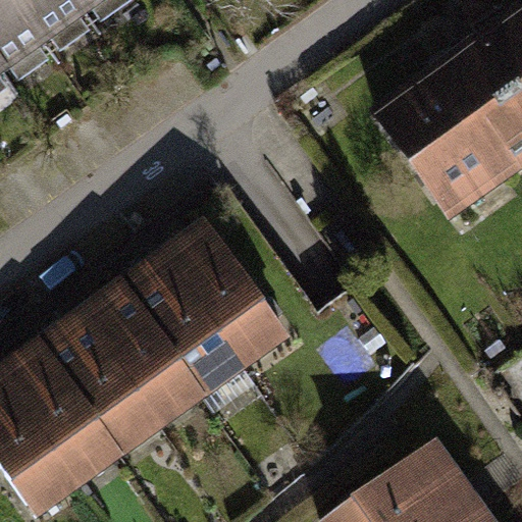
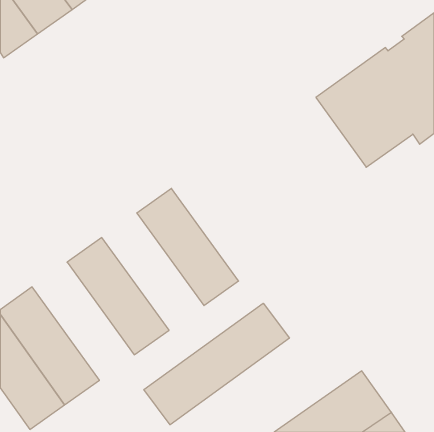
building: [122,256,245,397] -> none
building: [39,315,161,457] -> none
building: none -> [144,303,289,425]

